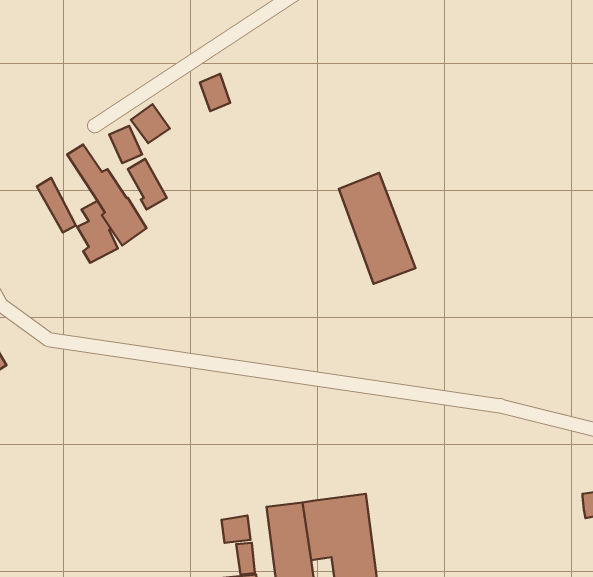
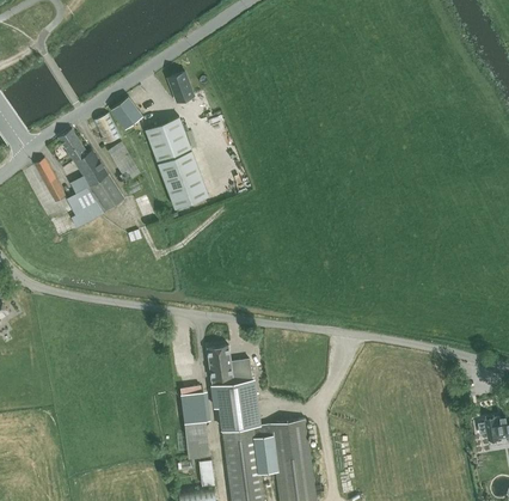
building: [339,173,415,284] -> [145,116,208,208]
building: none -> [206,344,260,429]
building: none -> [180,389,207,440]

